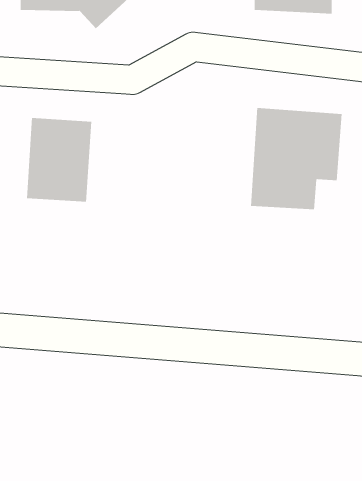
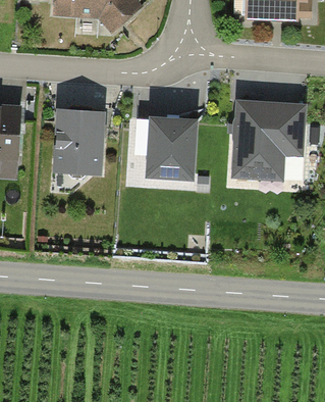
building: none -> [146,111,199,179]

